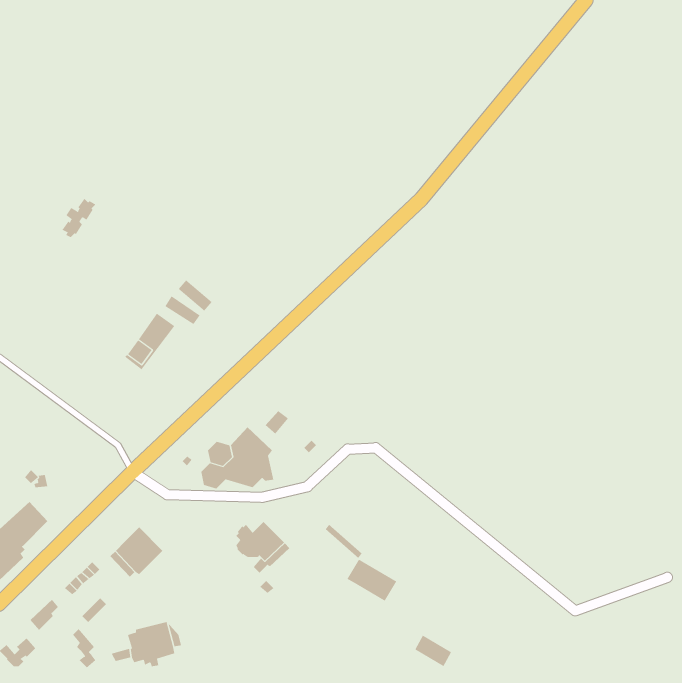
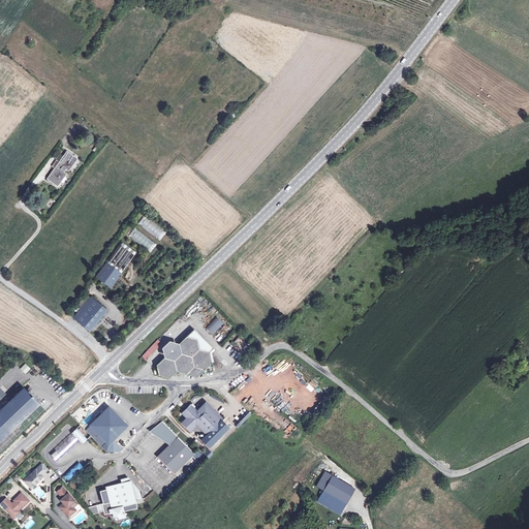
building: none -> [73,297,105,330]
building: none -> [148,421,193,474]
building: [346,559,397,601] -> [319,471,359,504]

